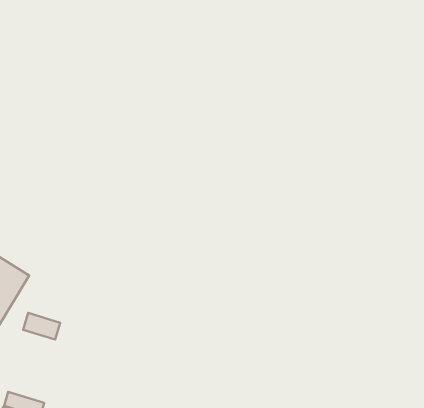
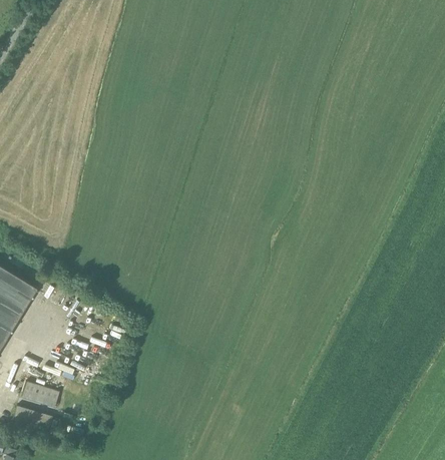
building: [23,313,60,340] -> [20,382,57,409]

